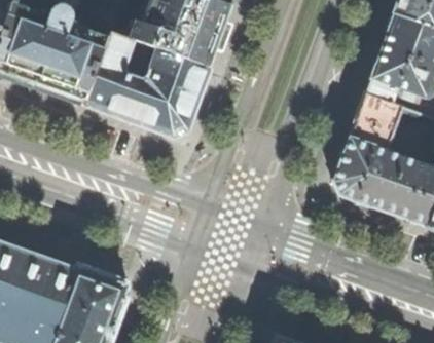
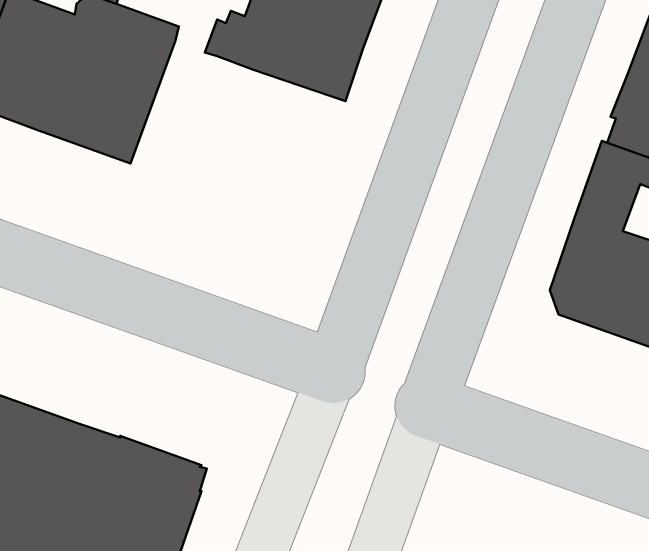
building: [84,32,212,136] -> none

